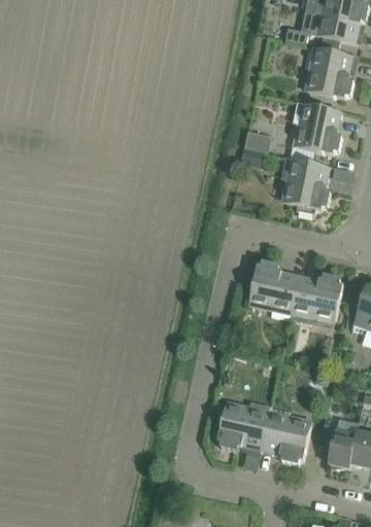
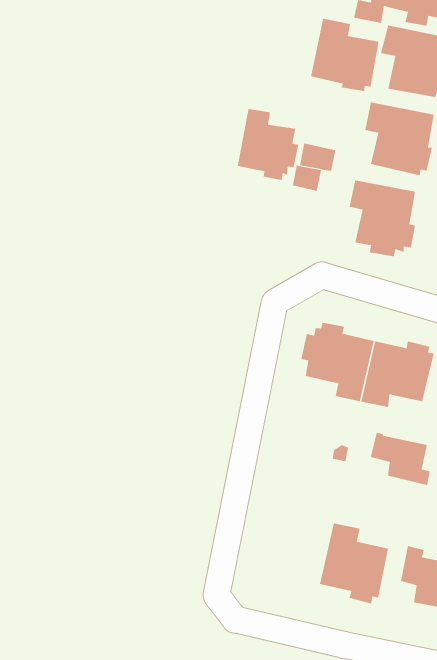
building: none -> [311,18,379,92]
building: none -> [237,108,299,181]
building: none -> [370,432,430,486]
building: [213,401,270,450] -> none

